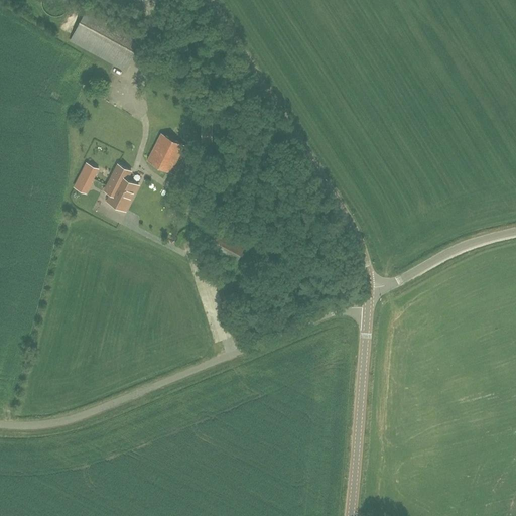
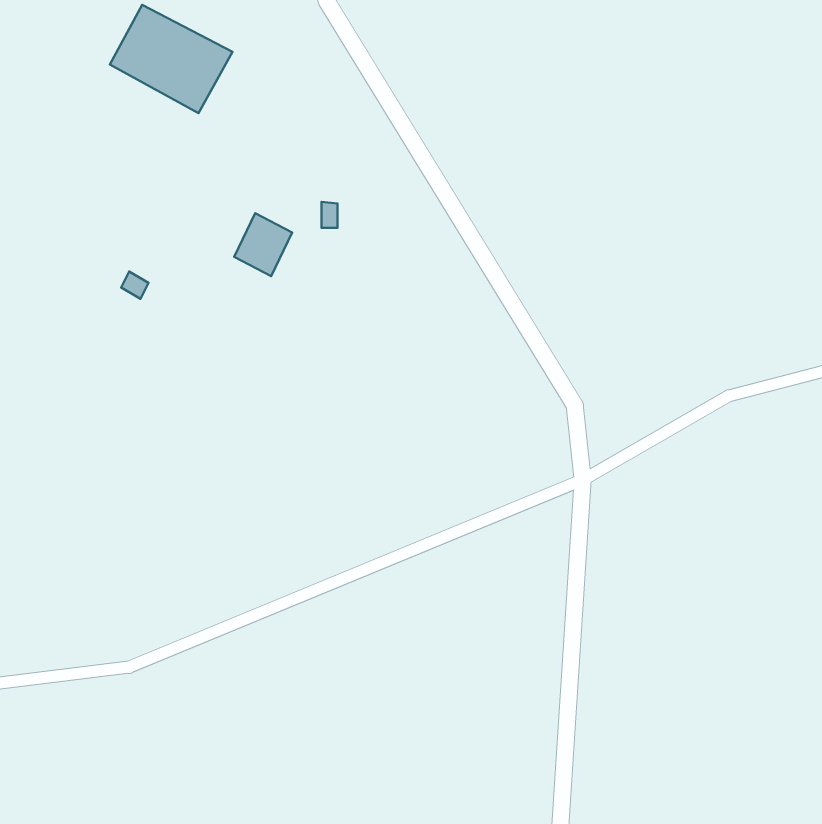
building: [103,165,137,212] -> none

